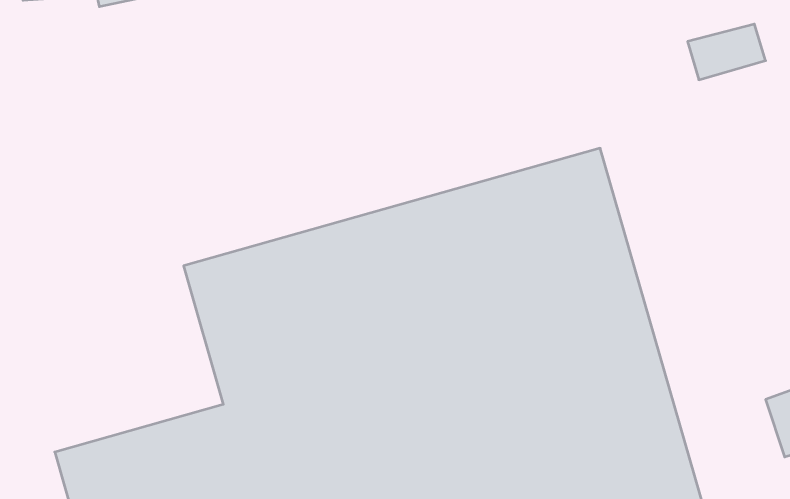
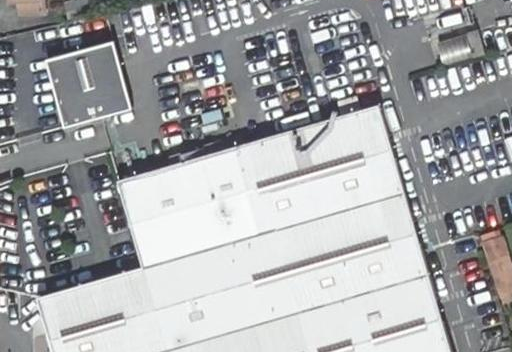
building: none -> [42,39,128,126]

